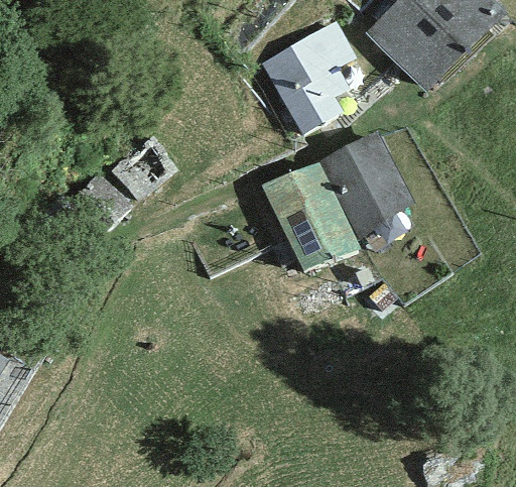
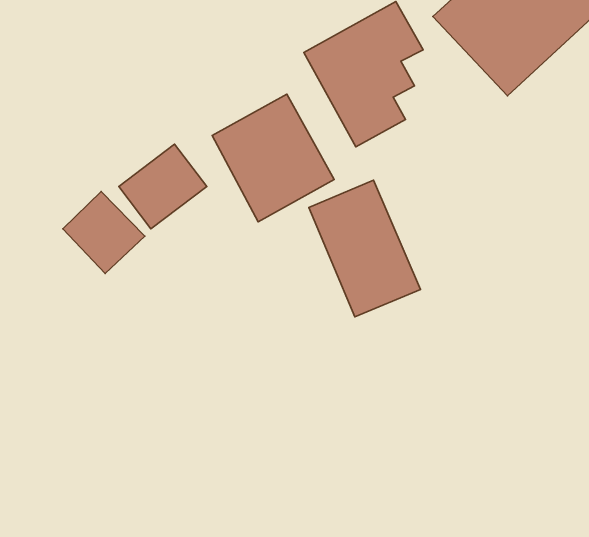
building: none -> [212,94,334,222]
building: [318,129,418,237] -> none

